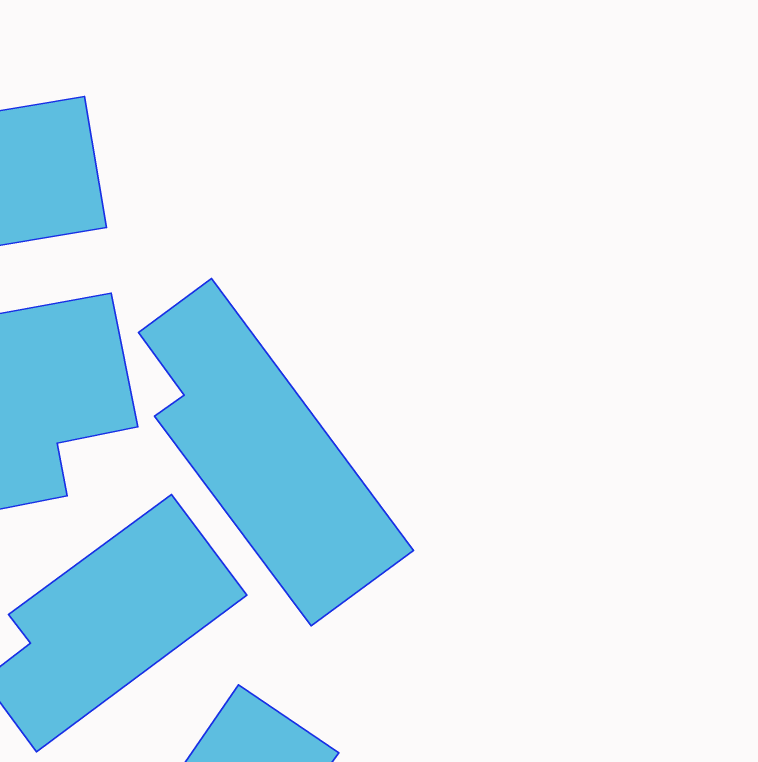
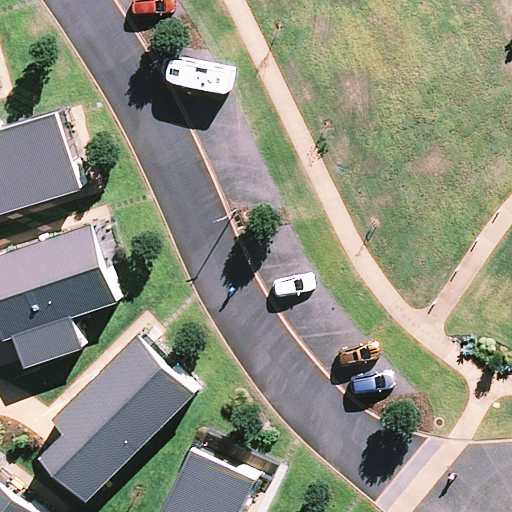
building: [139,278,413,626] -> none

